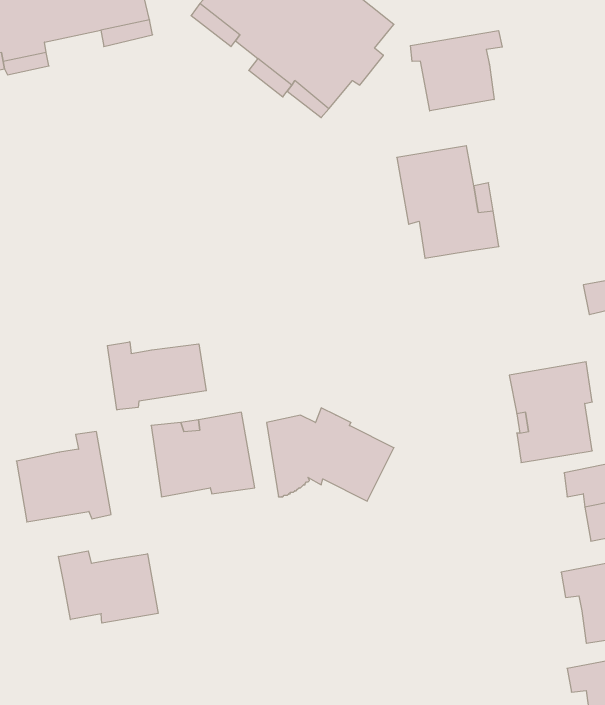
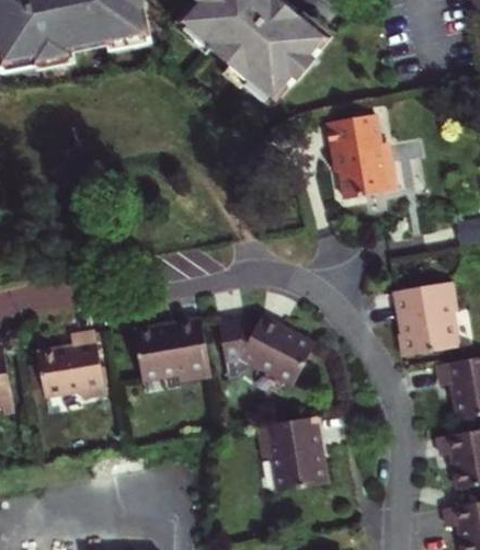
building: [410,31,502,111] -> none
building: [107,342,206,410] -> none
building: none -> [260,410,329,488]
building: [58,551,158,623] -> none

